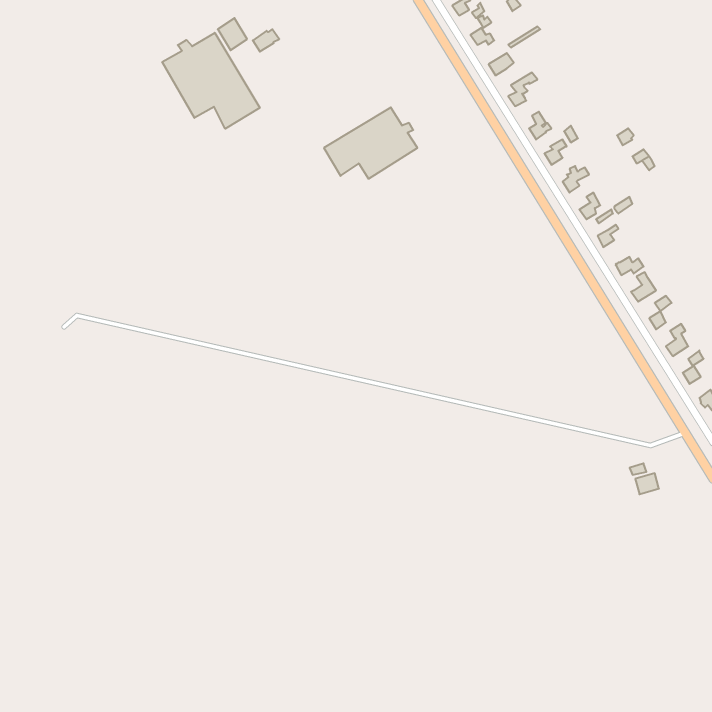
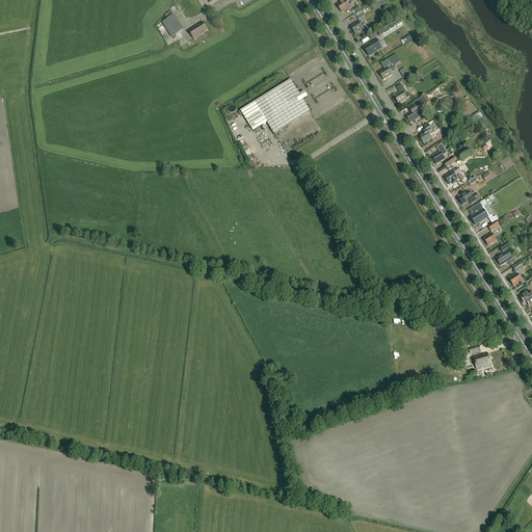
building: [162,33,260,129] -> none

